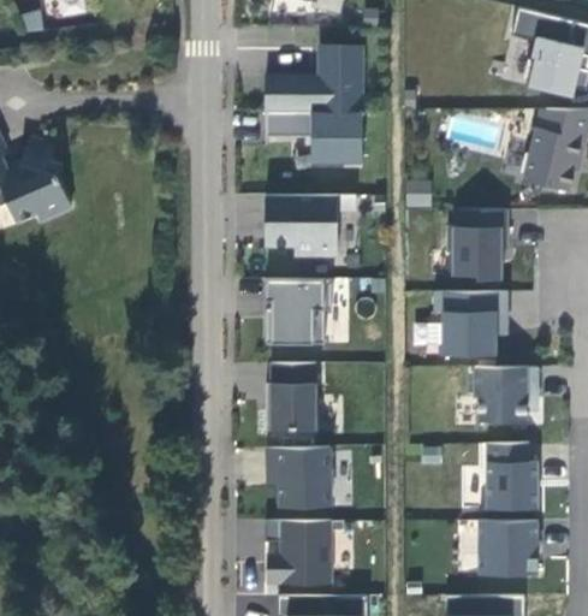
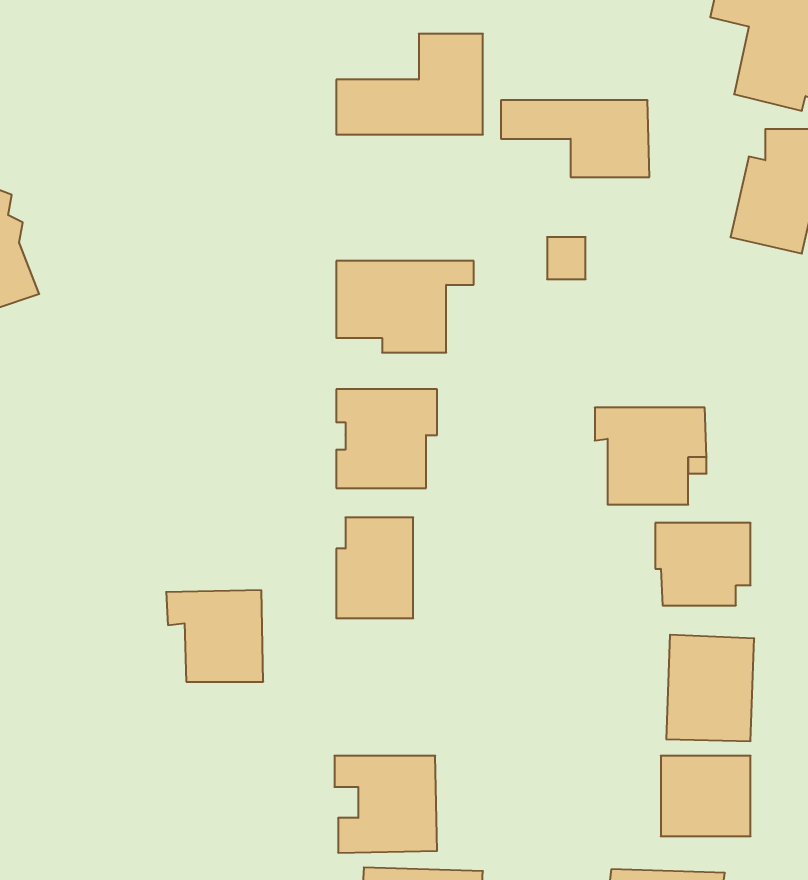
building: [266,113,363,164] -> [501,100,649,177]
building: [447,211,507,280] -> none
building: [267,448,331,508] -> [166,590,263,682]

